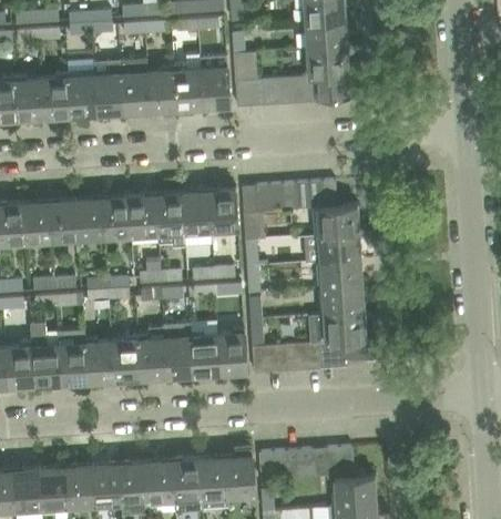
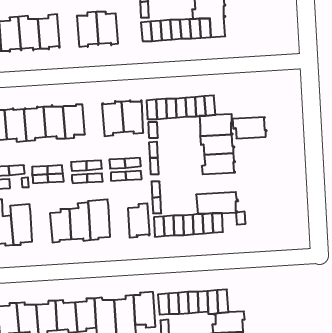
building: [200,55,229,111] -> none
building: [119,57,150,115] -> none
building: [154,191,184,247] -> none
building: [318,286,365,315] -> [232,117,267,138]
building: [190,330,218,375] -> none
building: [83,338,113,383] -> none

